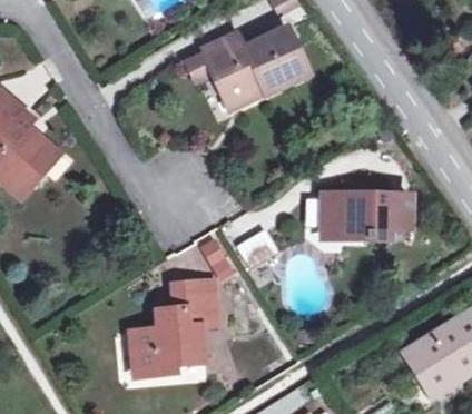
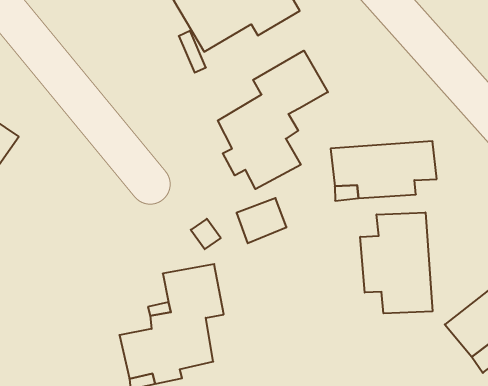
building: none -> [218,51,328,189]
building: none -> [360,212,432,313]

